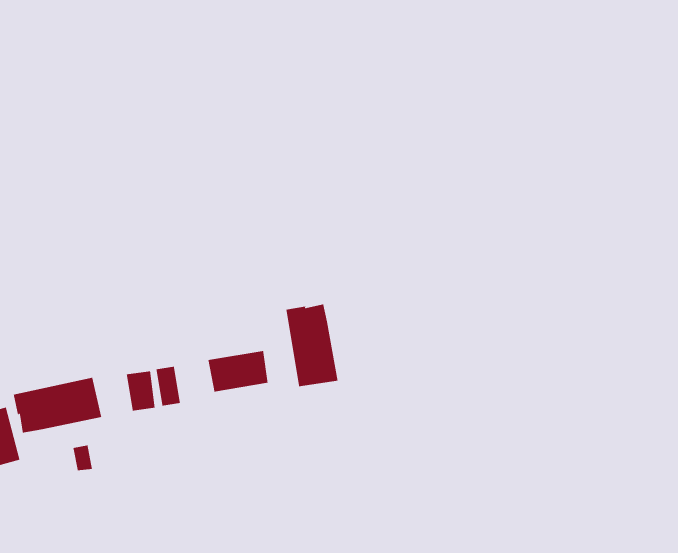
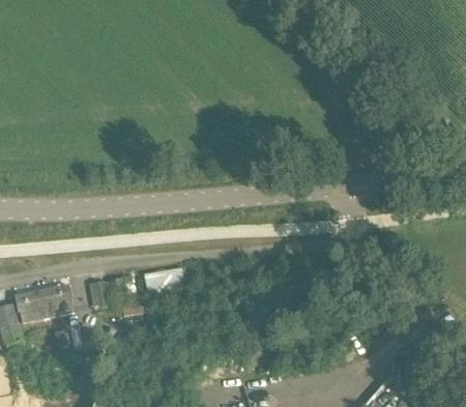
building: [286,304,338,387] -> none

